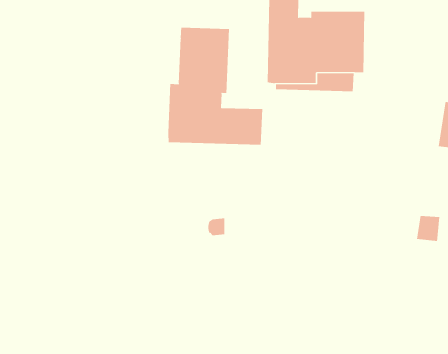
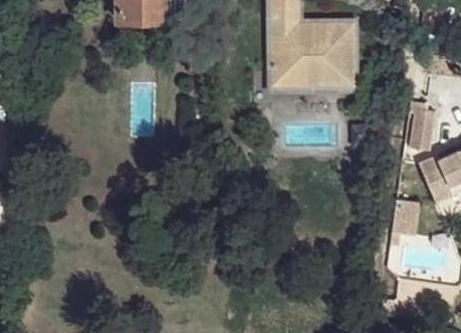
building: [168,27,263,146] -> none

